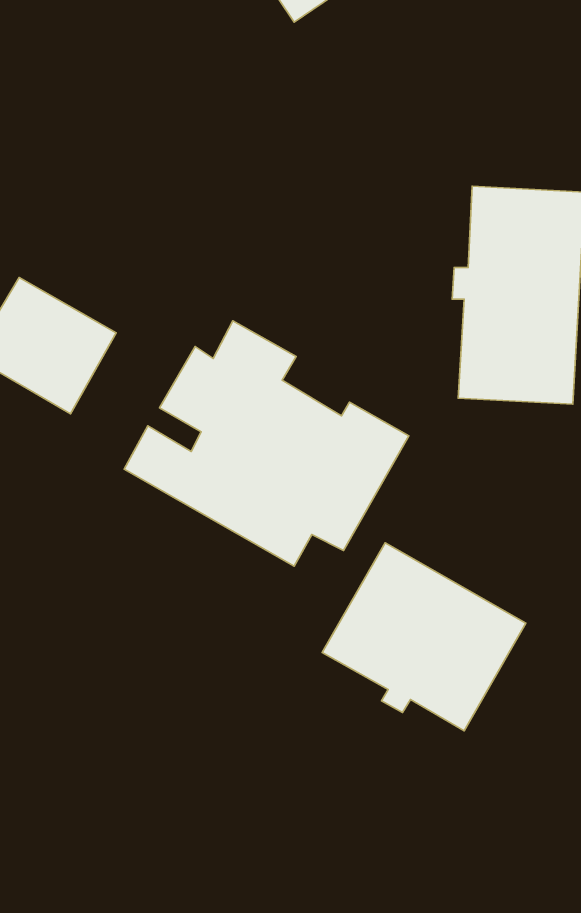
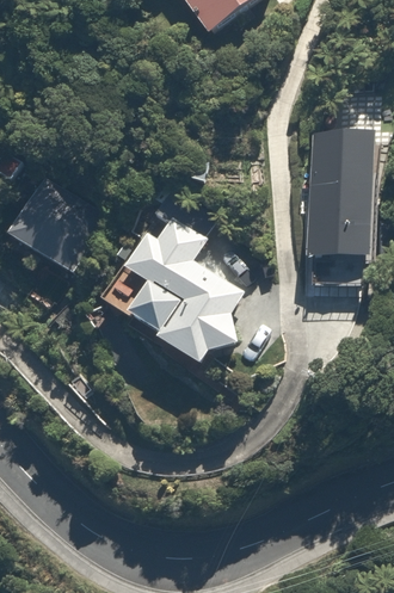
building: [322,543,526,731] -> none

